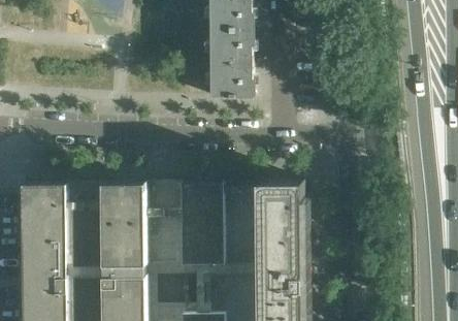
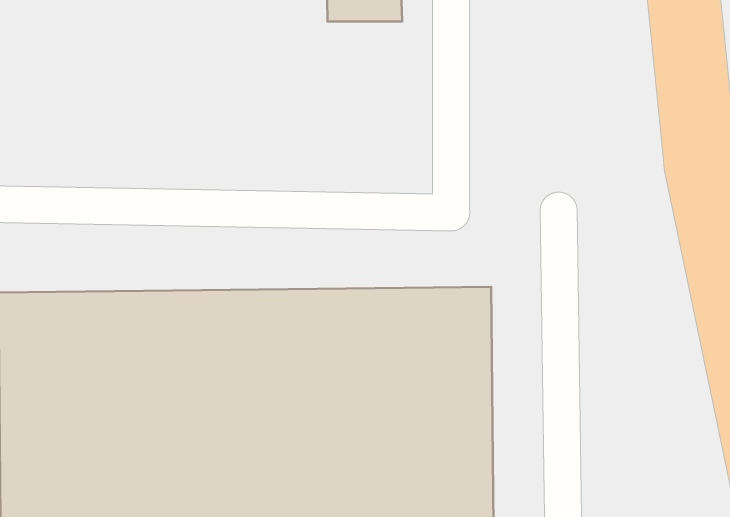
building: [208,30,255,98] -> none

